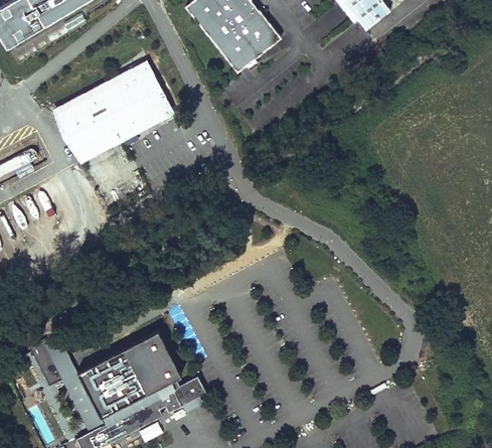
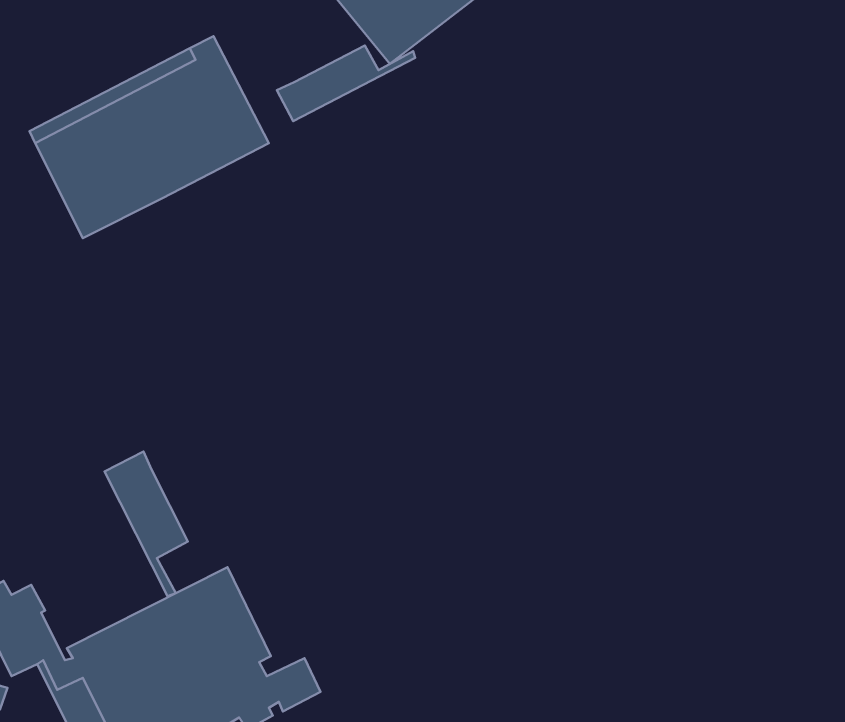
building: none -> [277,46,415,121]
building: none -> [105,452,188,596]

